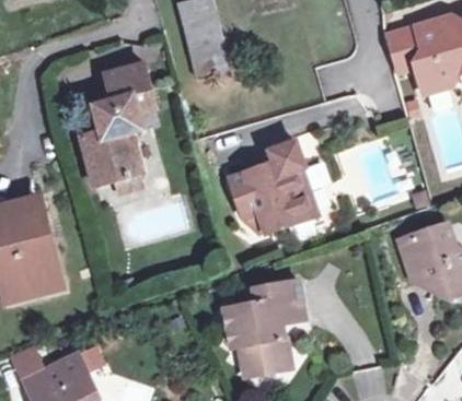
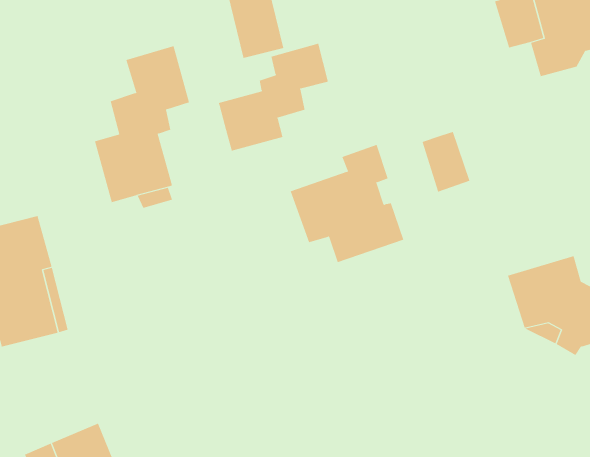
building: none -> [218,43,329,152]
building: none -> [422,131,470,193]
building: [222,281,301,369] -> none

